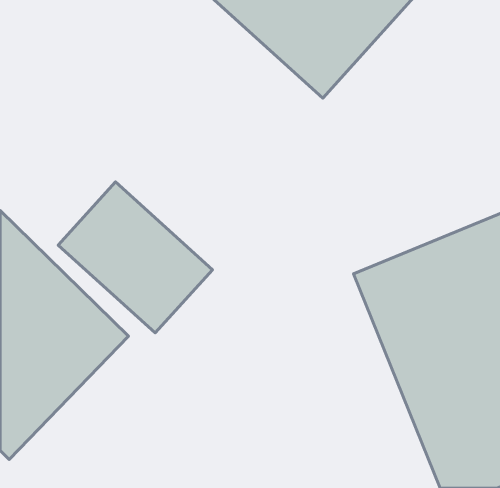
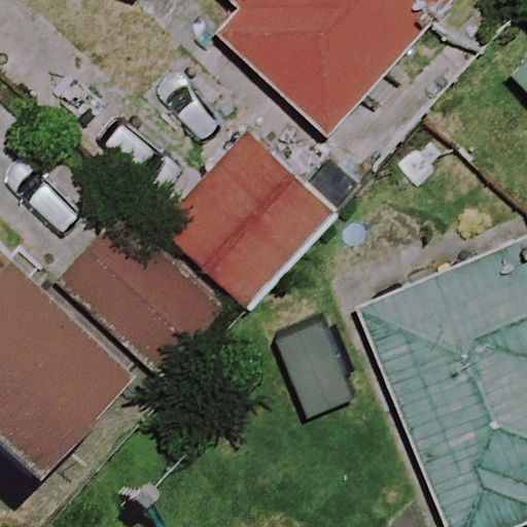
building: none -> [159,144,322,308]

